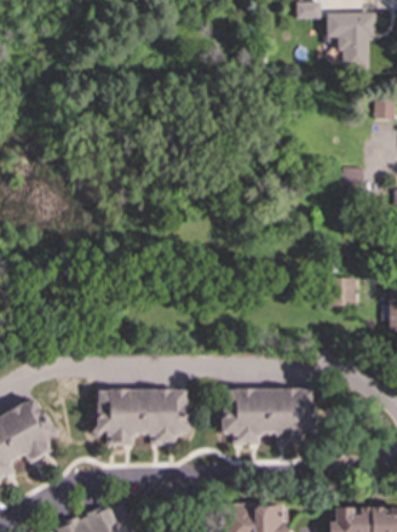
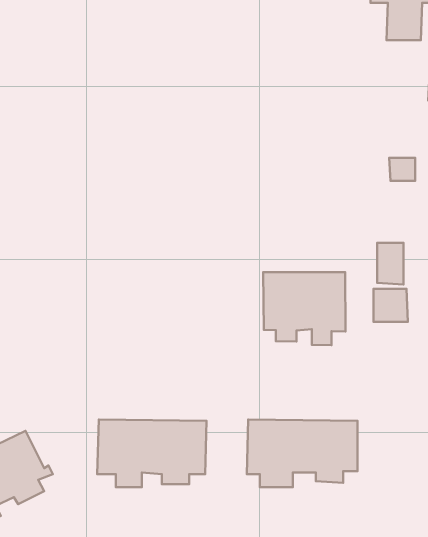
building: none -> [377,243,403,285]
building: none -> [263,272,346,345]

